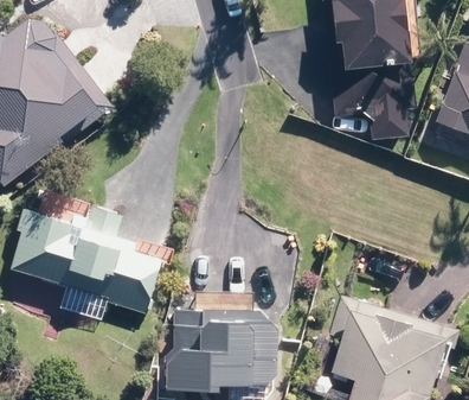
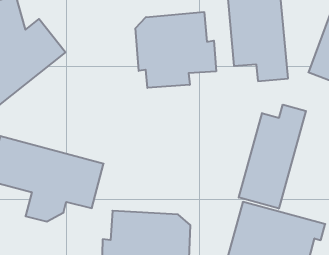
building: none -> [135,12,216,88]
building: none -> [239,105,306,209]

